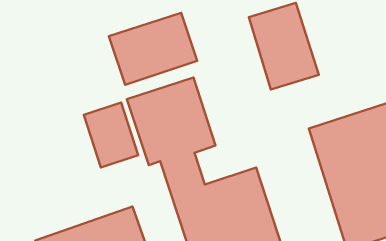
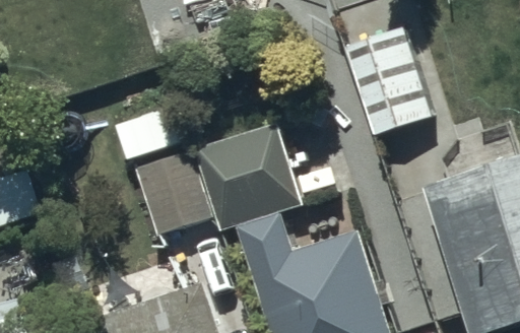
building: [109,13,197,85] -> none

